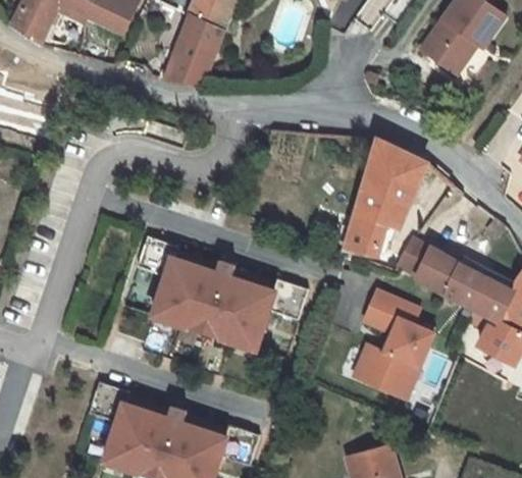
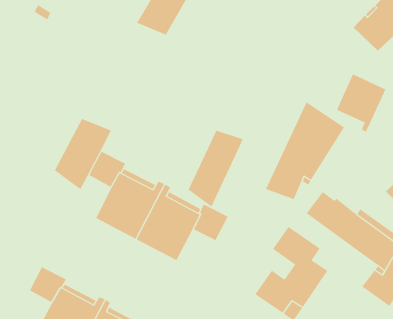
building: none -> [337,74,386,133]
building: none -> [187,130,243,207]
building: none -> [54,118,111,190]

